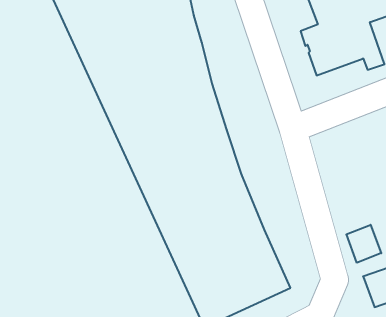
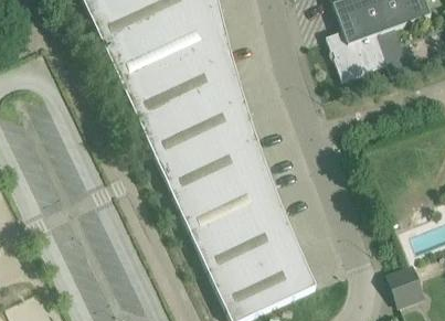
building: [346,225,381,263] -> none

